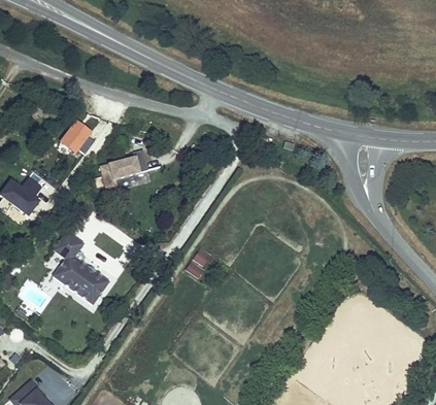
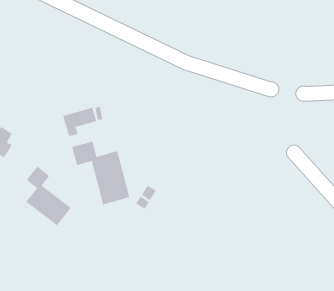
building: [58,120,92,156] -> none
building: none -> [71,141,130,206]

